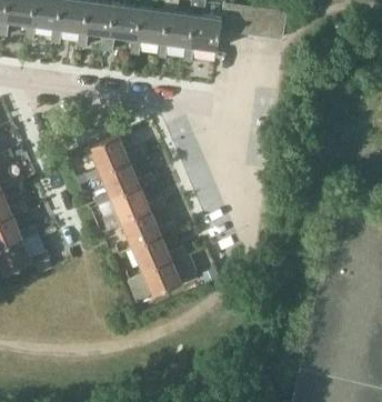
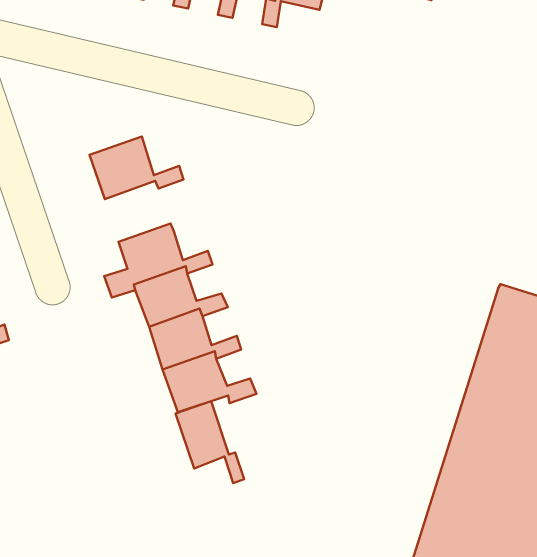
building: [100,160,157,198] -> none
building: none -> [175,401,244,483]

